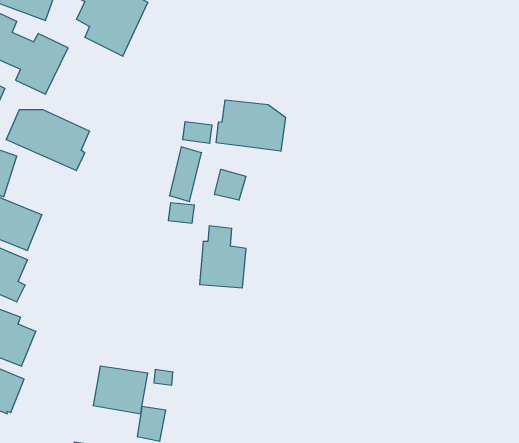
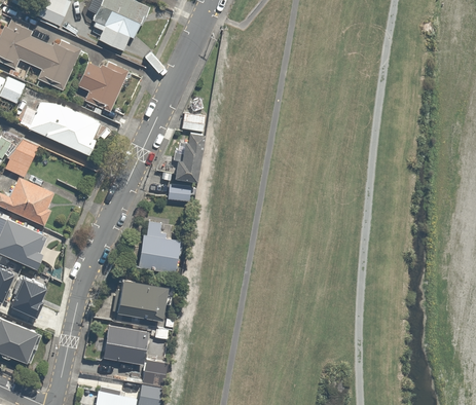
building: none -> [77,59,129,109]
building: [216,100,285,151] -> none
building: [215,169,246,200] -> none
building: [200,226,246,288] -> [140,221,180,274]
building: none -> [116,282,167,320]

